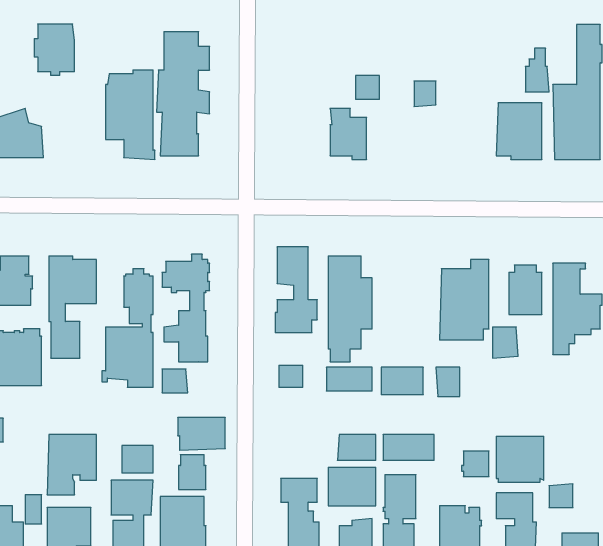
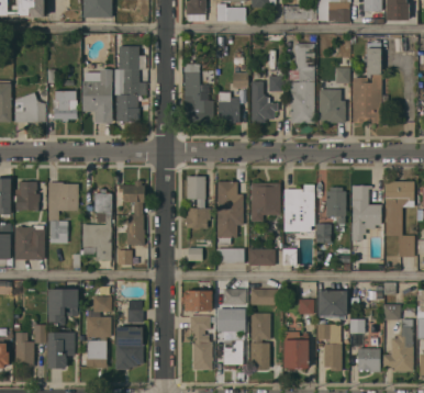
building: [34,24,74,75] -> [52,90,76,121]
building: none -> [288,43,313,123]
building: none -> [183,64,213,124]
building: none -> [250,81,277,123]
building: none -> [250,182,280,222]
building: [178,418,225,450] -> [182,291,211,311]

